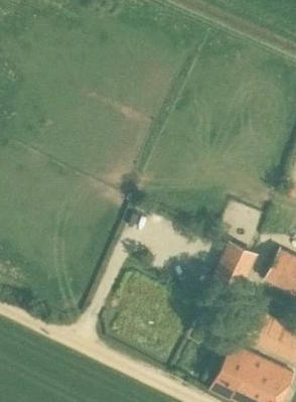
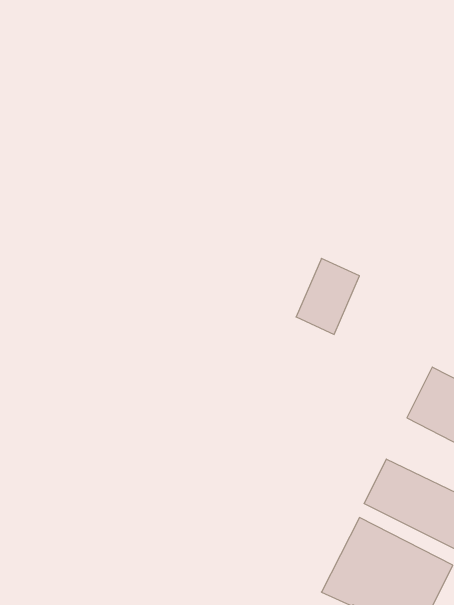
building: [214,243,255,291] -> [296,258,359,334]

